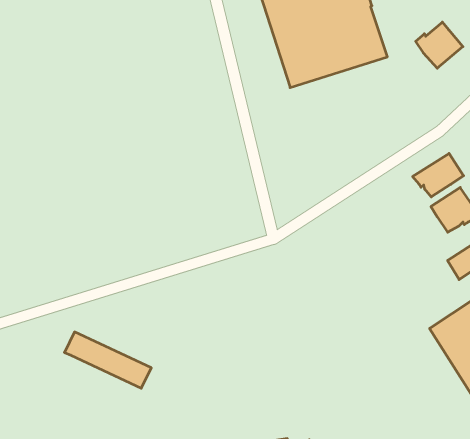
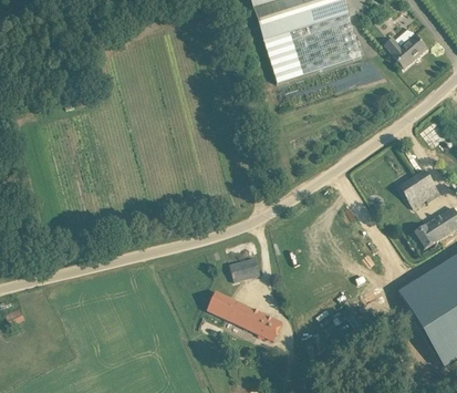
building: [413,153,464,197] -> none
building: none -> [230,257,260,281]
building: [64,332,151,388] -> [208,291,283,340]

